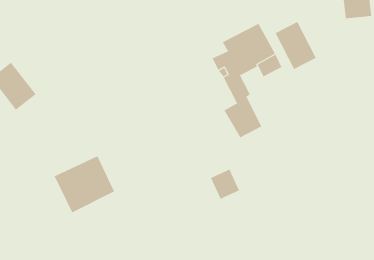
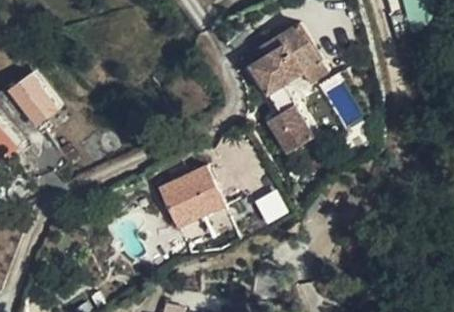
building: [275,21,317,70] -> none
building: [54,156,115,213] -> [157,162,225,226]

